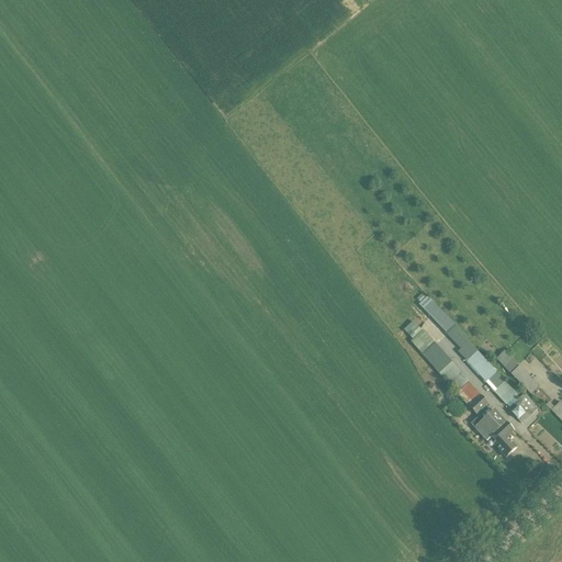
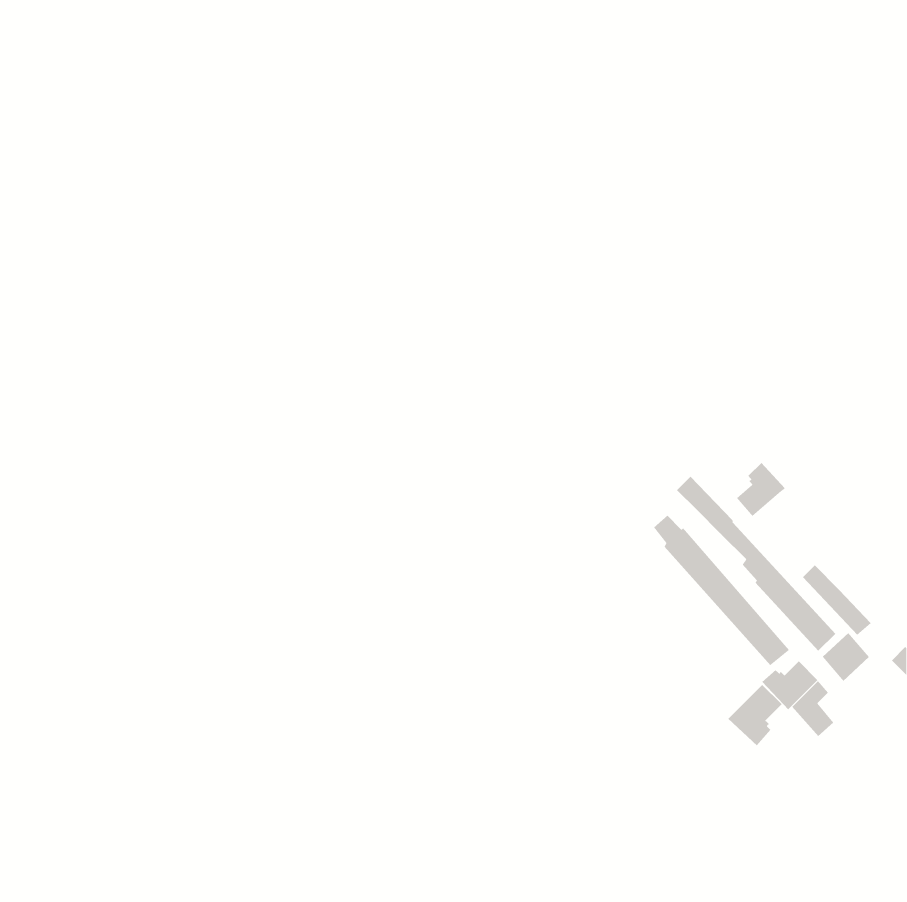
building: none -> [736,462,786,517]
building: none -> [727,684,782,746]

